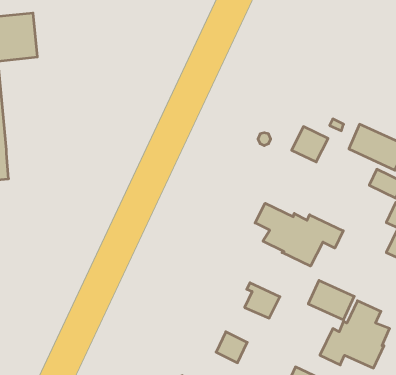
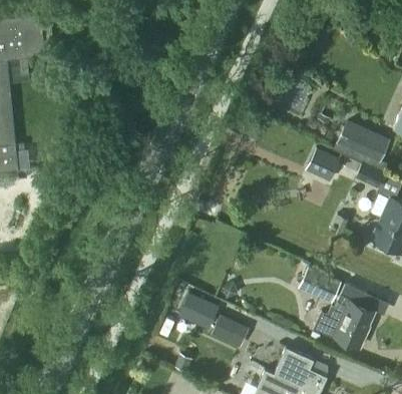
building: [292,127,328,162] -> [306,148,340,181]
building: [255,203,343,266] -> none
building: [245,283,280,318] -> [184,295,218,328]

